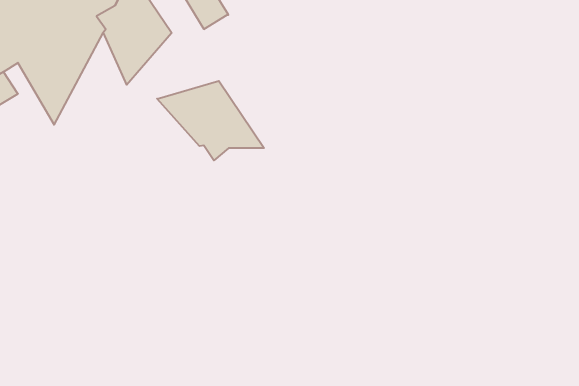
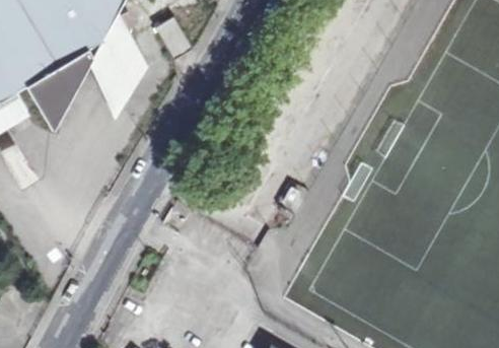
building: [157,81,264,160] -> none

